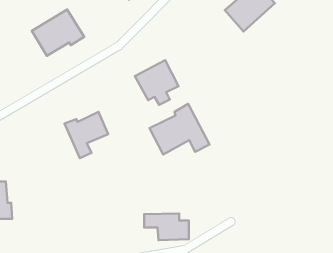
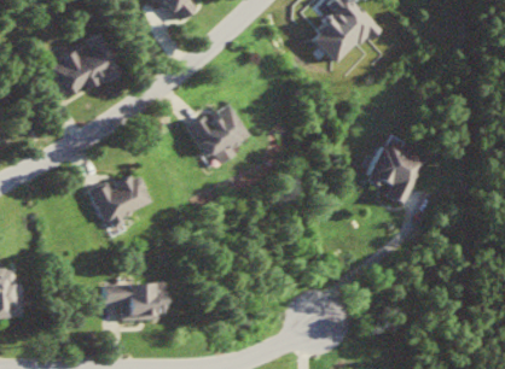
building: none -> [364,137,424,205]
building: [150,104,210,154] -> none
building: [144,213,189,240] -> [104,283,164,320]

